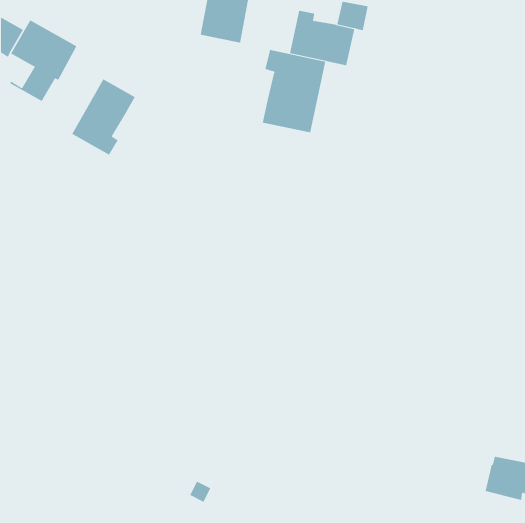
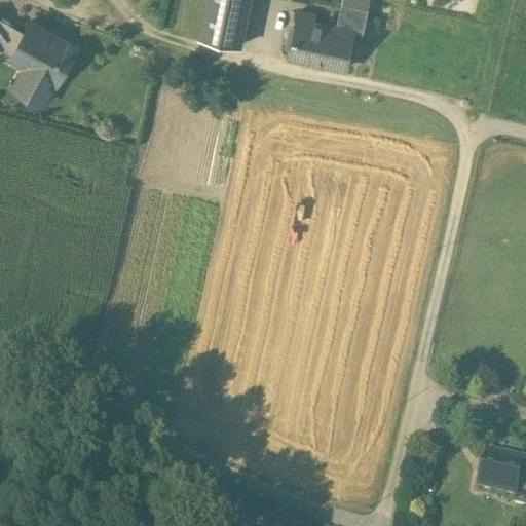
building: [262,49,326,133] -> none
building: [71,79,136,156] -> none

